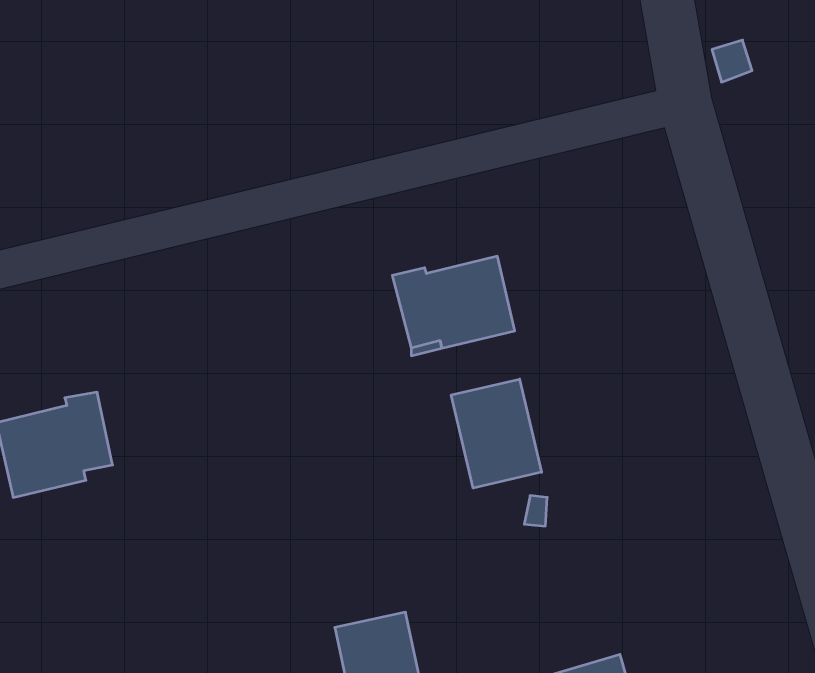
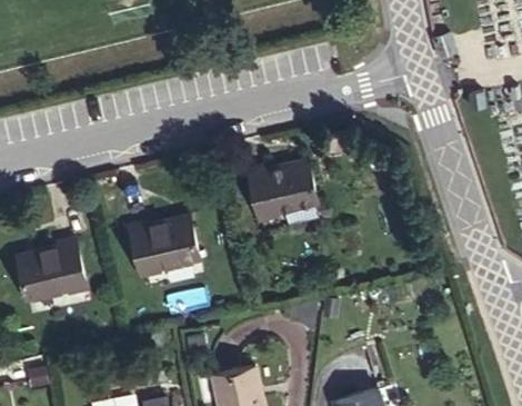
building: none -> [129,217,199,270]
building: [451,379,542,488] -> none

